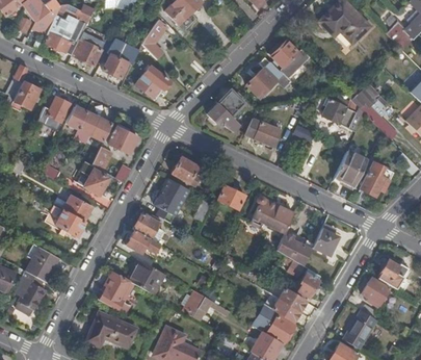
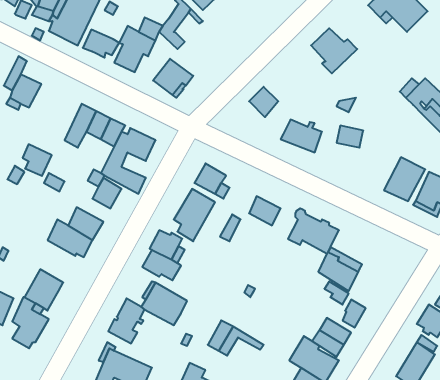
building: [246,57,291,98] -> none
building: [45,94,70,121] -> [23,144,52,176]
building: [323,97,366,132] -> none
building: [208,103,239,131] -> none
building: [313,224,339,254] -> none

